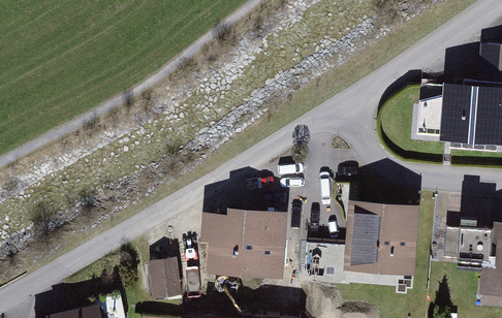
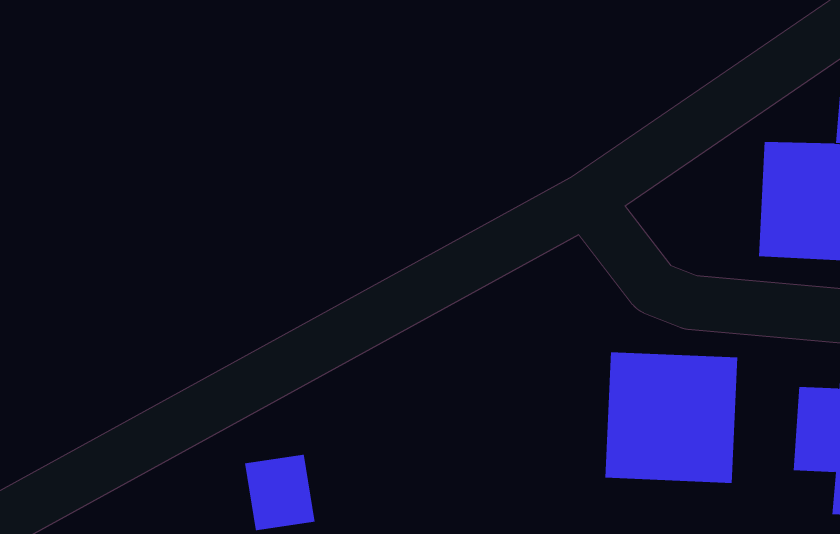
building: [198,209,289,281] -> none

